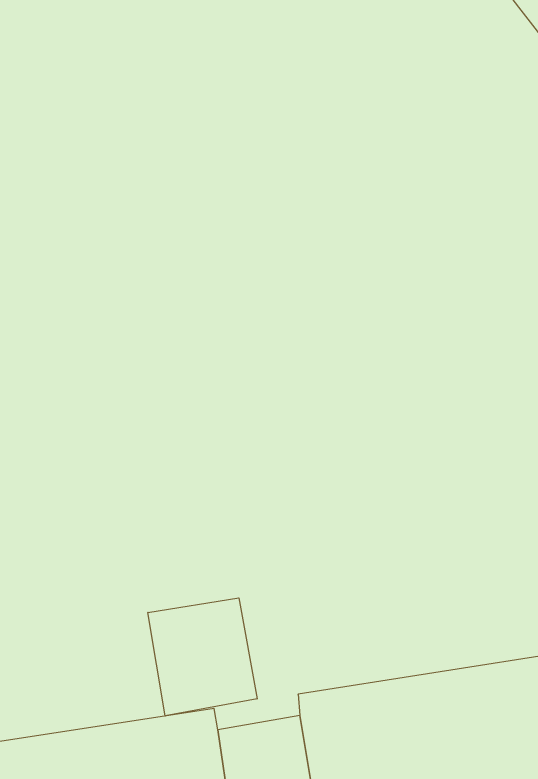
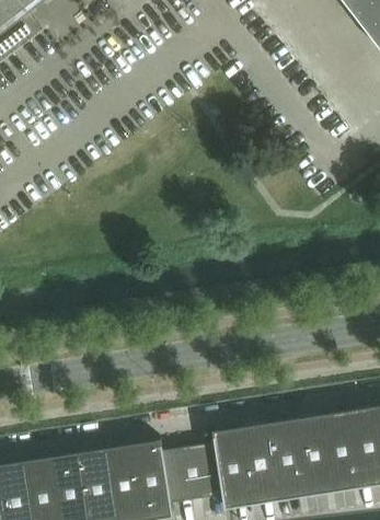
building: [148,598,257,716] -> none

